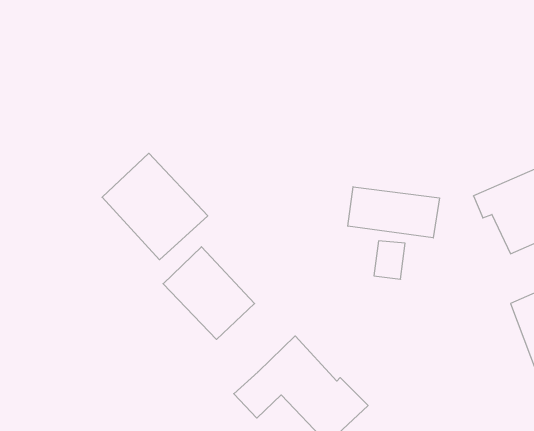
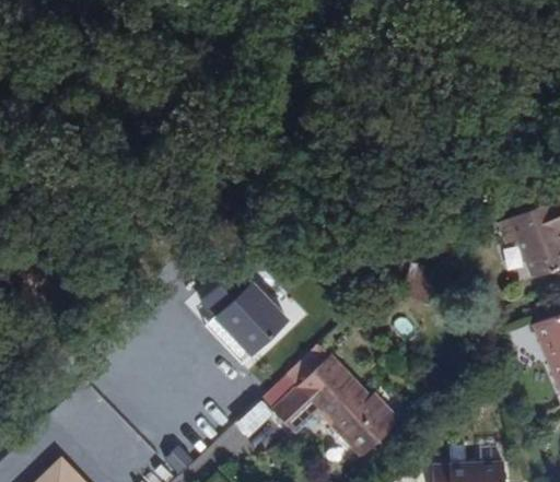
building: [102,153,208,260] -> none
building: [348,187,439,238] -> none

